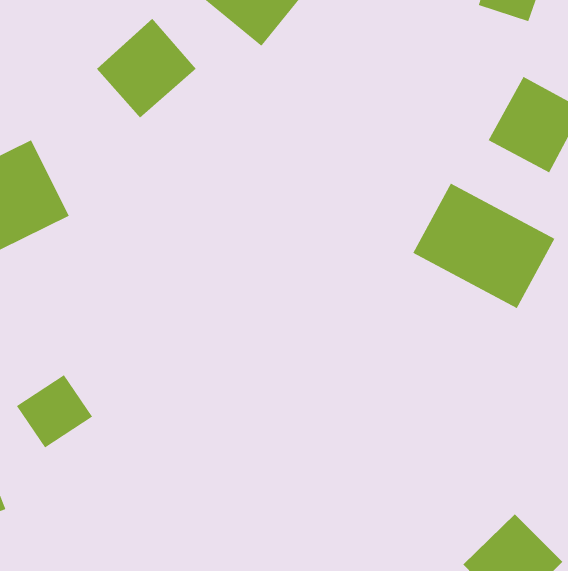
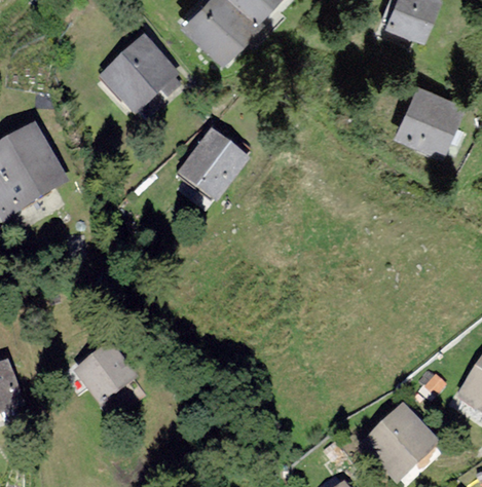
building: none -> [170,135,237,203]
building: [412,183,555,309] -> none
building: [16,374,93,448] -> [81,347,139,403]

